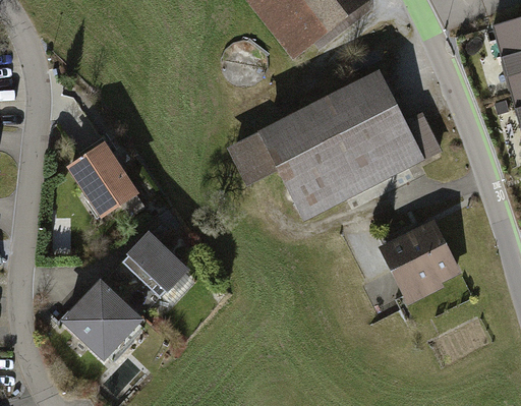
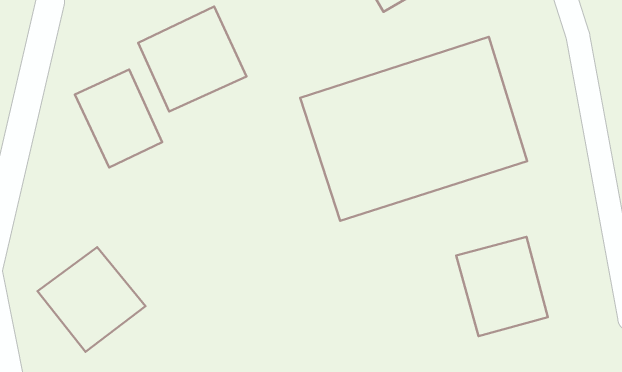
building: none -> [138,7,247,112]
building: [123,220,192,294] -> none

